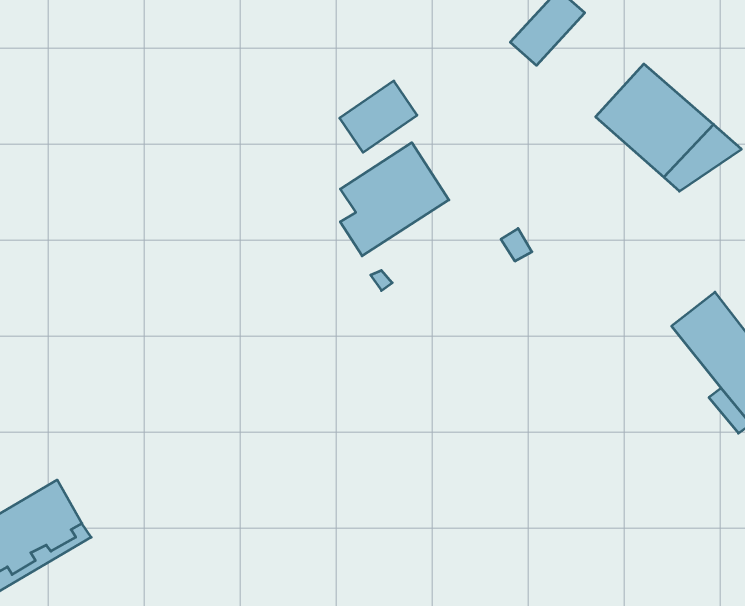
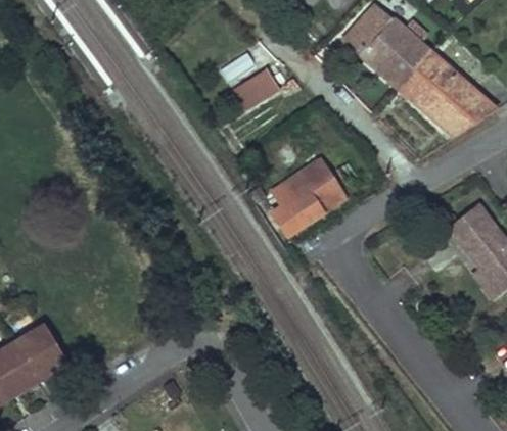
building: none -> [361,19,431,88]
building: [340,143,449,256] -> [274,160,345,235]

